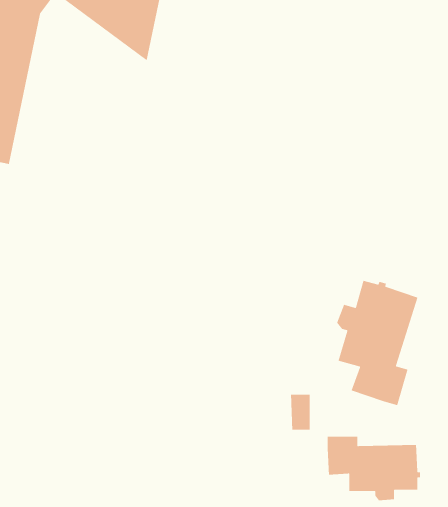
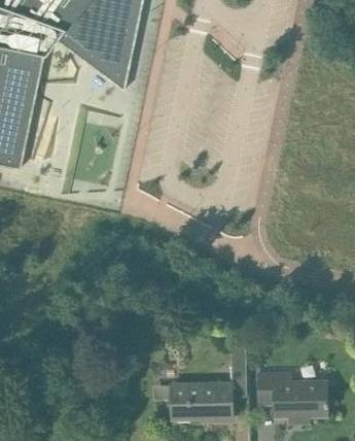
building: [336,280,419,406] -> none
building: none -> [172,381,234,419]

